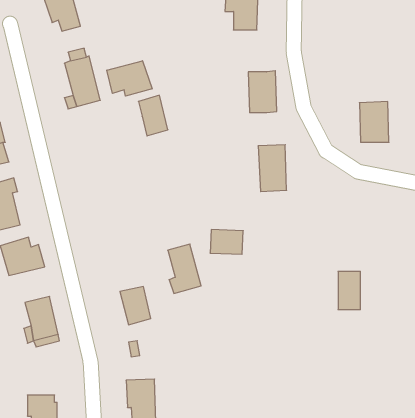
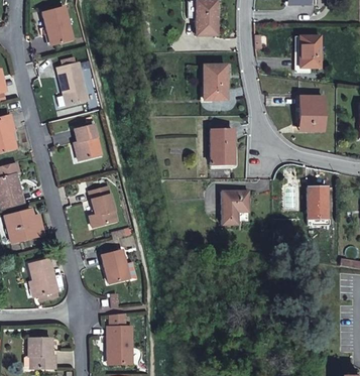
building: none -> [298,41,320,73]
building: [107,61,152,96] -> none
building: [138,95,168,136] -> [79,124,103,157]
building: [210,230,243,254] -> [222,193,249,213]
building: [168,244,201,293] -> [92,186,119,227]
building: [338,271,360,310] -> [309,189,327,220]

